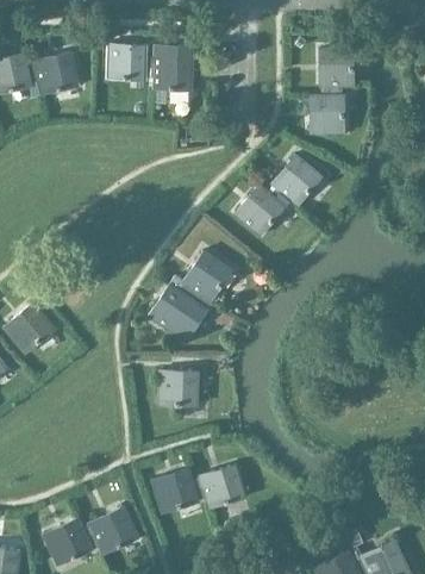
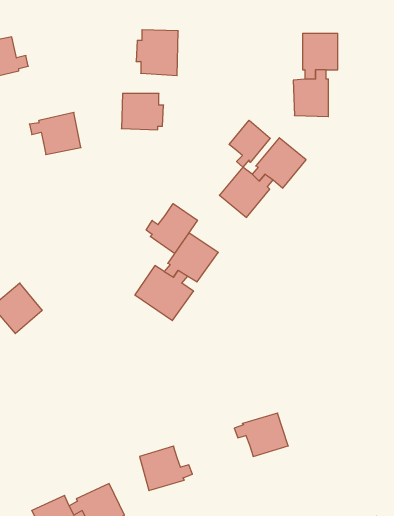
building: [107,44,150,81] -> [121,93,164,130]
building: [25,51,77,94] -> [29,112,81,155]
building: none -> [229,120,270,167]
building: none -> [146,204,197,253]
building: [158,369,196,406] -> none
building: [190,464,245,509] -> [234,413,288,456]

